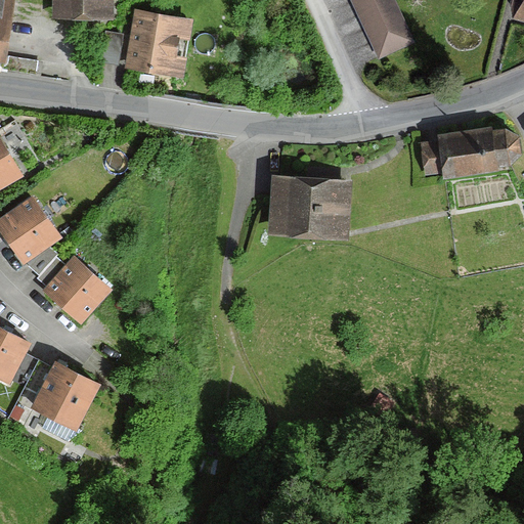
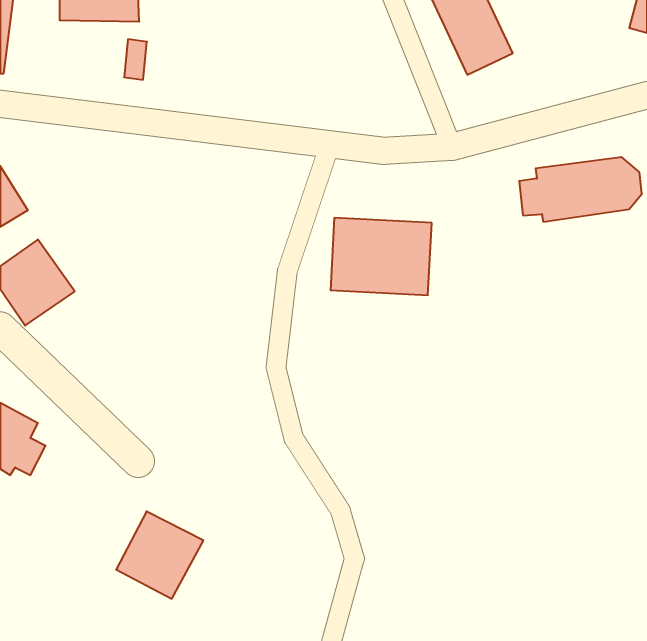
building: [126,9,191,76] -> none
building: [41,255,111,323] -> none
building: [30,360,100,431] -> [116,511,203,599]

